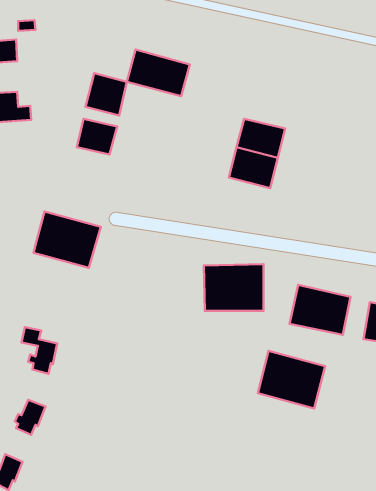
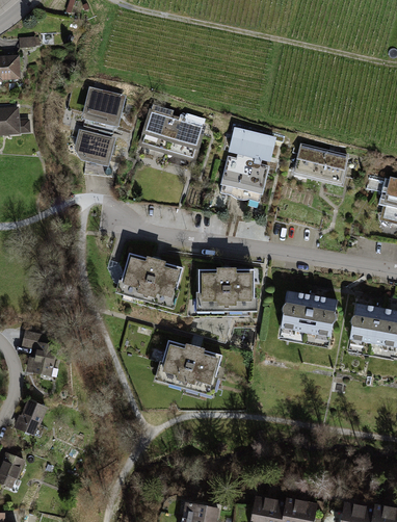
building: [127,49,190,96] -> [141,110,202,155]
building: none -> [293,142,349,181]
building: [34,212,101,268] -> [118,253,183,307]
building: [258,351,325,408] -> [157,339,221,394]

